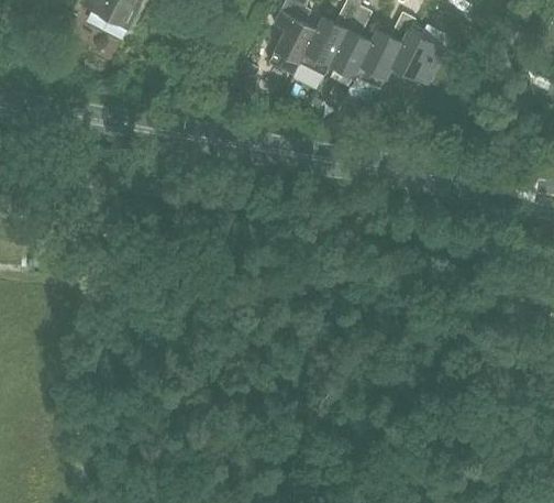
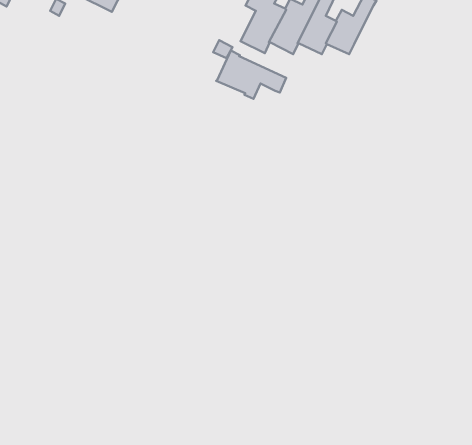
building: [391,24,452,84] -> none
building: none -> [216,50,286,99]

